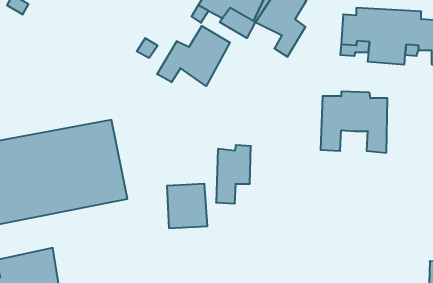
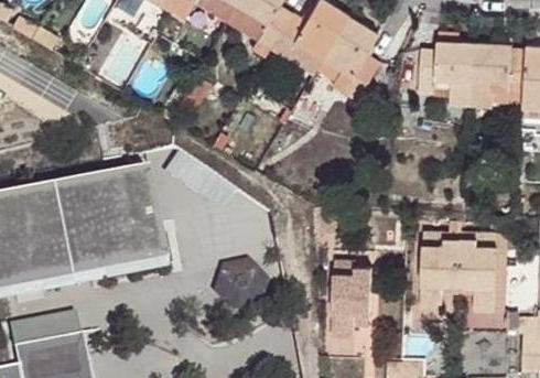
building: [157,26,230,86] -> none
building: [321,92,387,153] -> [420,240,498,312]
building: [216,145,251,203] -> [332,267,372,335]

